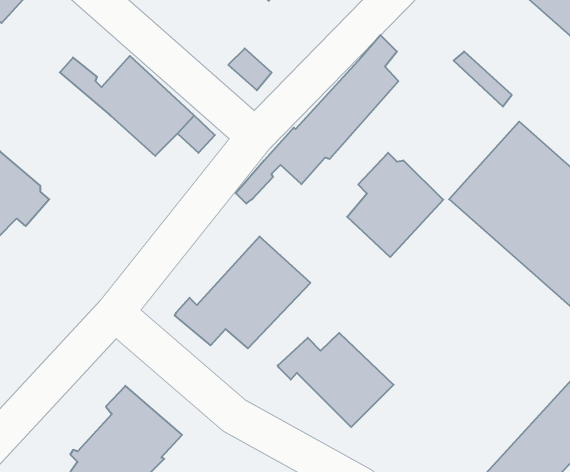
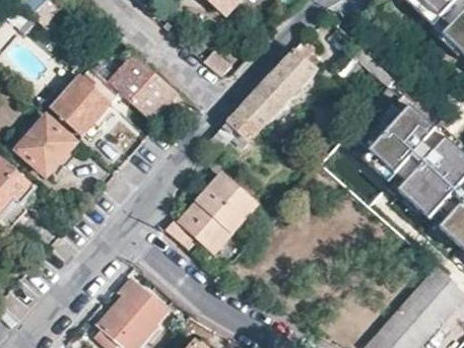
building: none -> [53,59,121,139]
building: [347,153,443,257] -> none
building: [278,333,394,427] -> none

